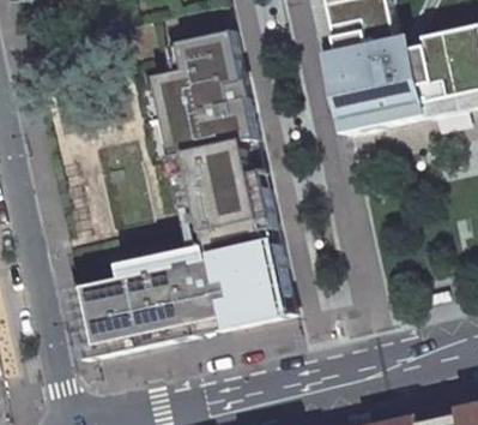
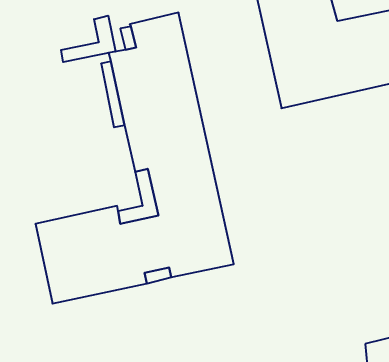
building: none -> [61,16,115,62]

